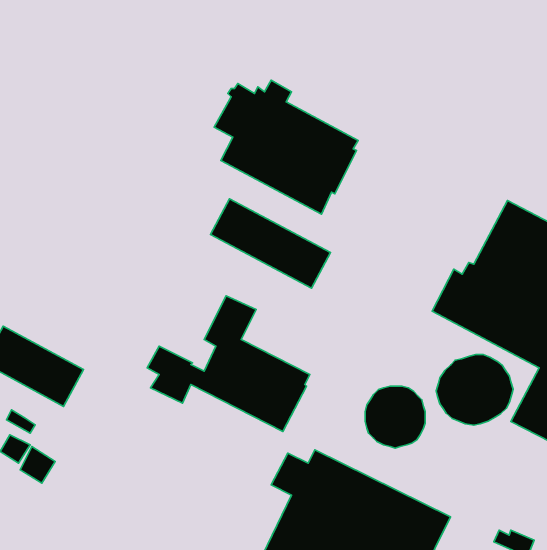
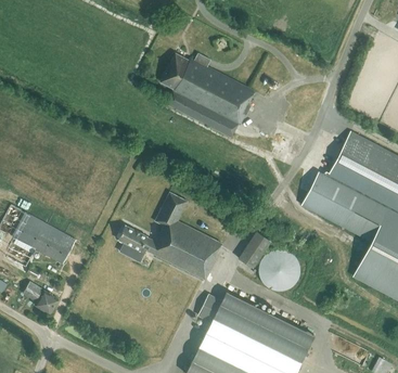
building: [211,199,330,288] -> none
building: none -> [236,231,270,268]
building: [436,355,513,425] -> none

